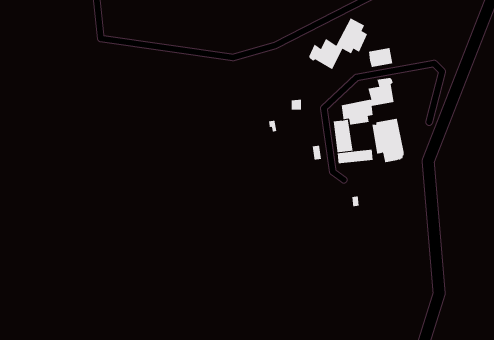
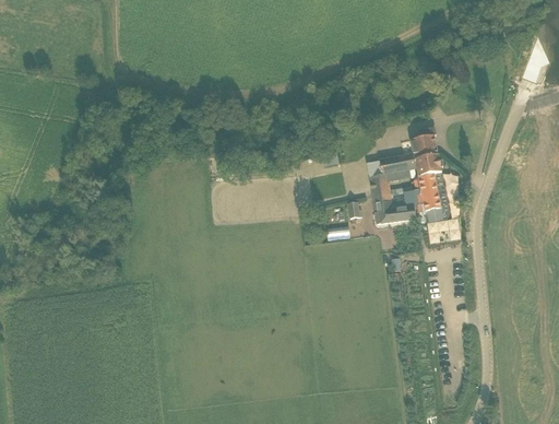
building: [309,17,368,70] -> none
building: [368,48,393,67] -> [414,157,441,179]

